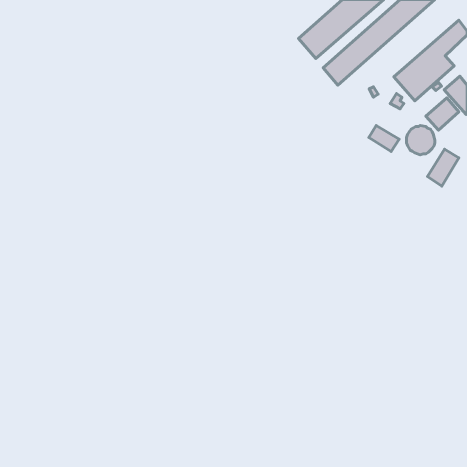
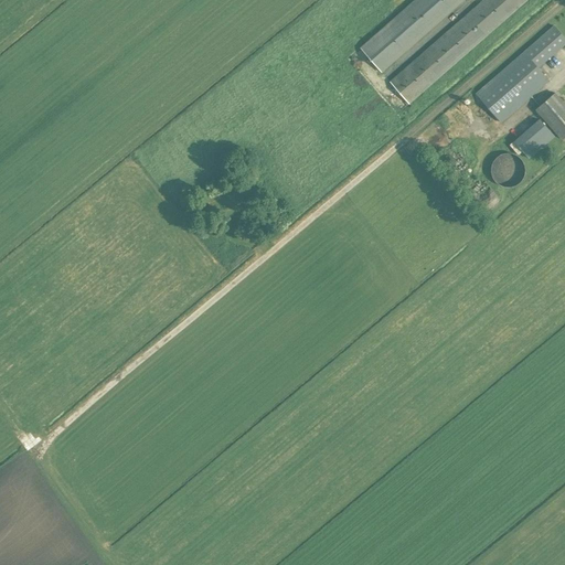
building: [369,125,399,151] -> none
building: [427,149,459,186] -> none

